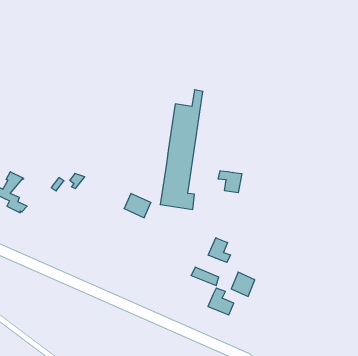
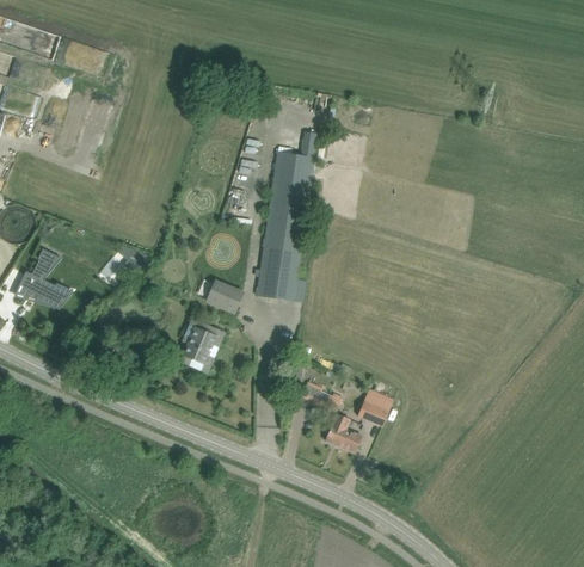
building: [218,171,242,193] -> none
building: none -> [184,326,215,368]
building: [208,238,230,262] -> none

